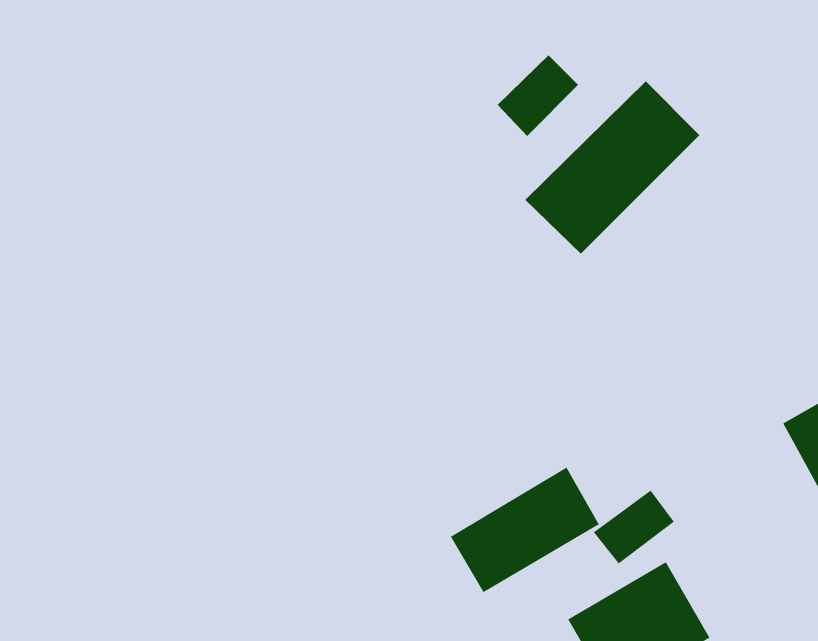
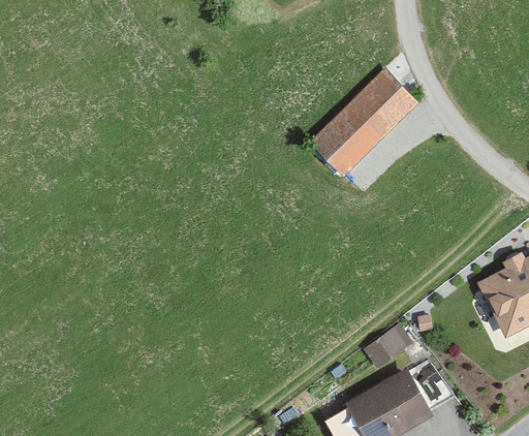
building: [497,54,579,137] -> none
building: [450,467,600,593] -> none

